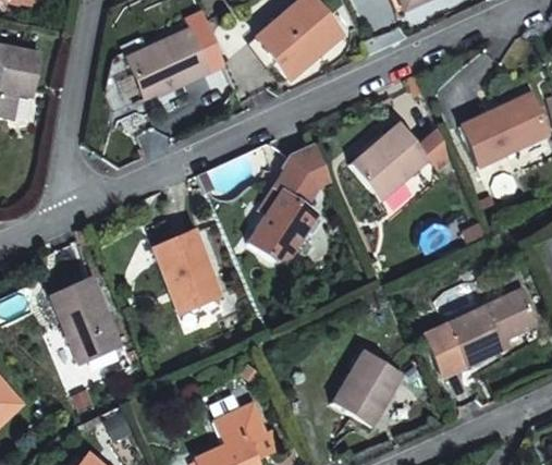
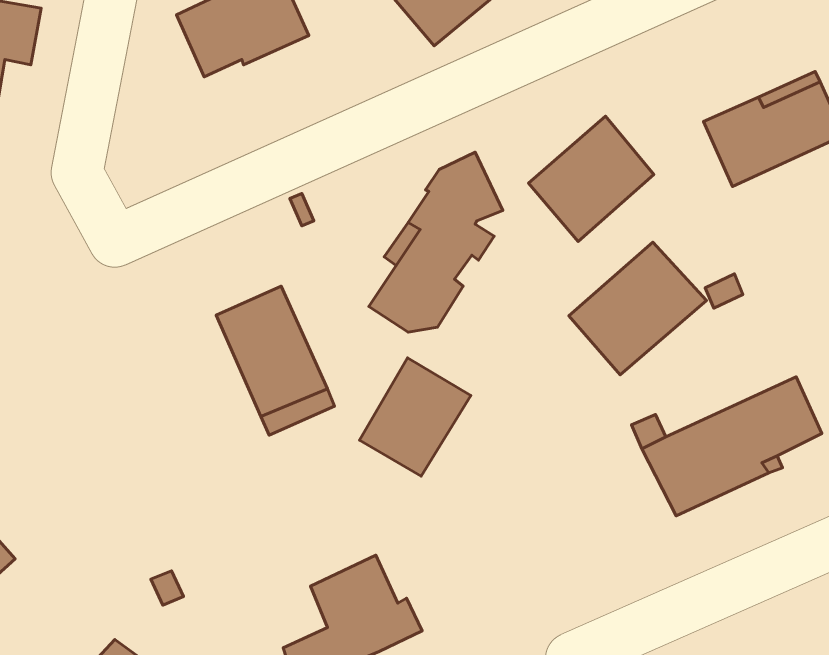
building: none -> [569,242,706,375]
building: [50,279,121,364] -> none
building: [332,351,403,426] -> [359,358,471,476]

